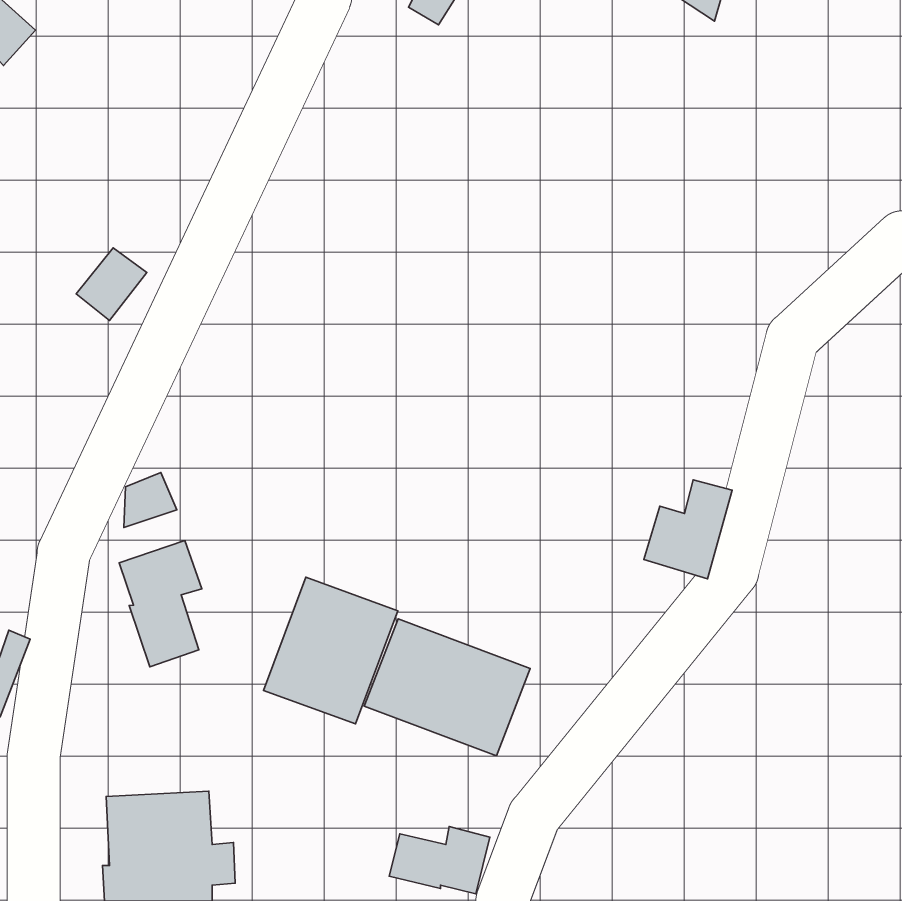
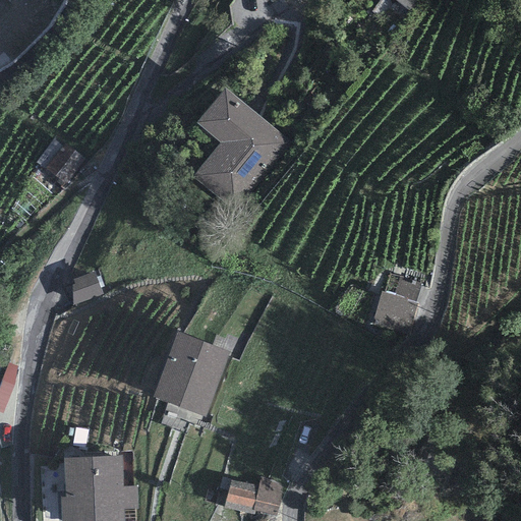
building: none -> [191,88,288,209]
building: [119,540,202,667] -> none
building: [364,619,530,756] -> none

